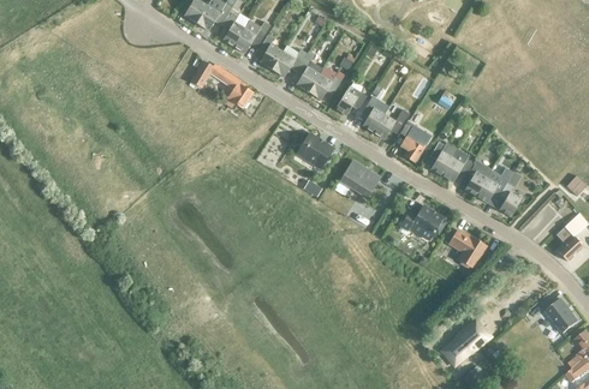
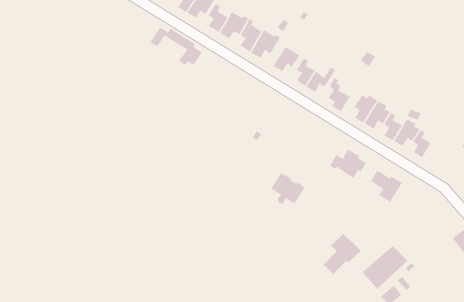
building: [296,133,333,168] -> none
building: [339,161,380,198] -> [271,172,305,204]
building: none -> [323,233,361,275]

